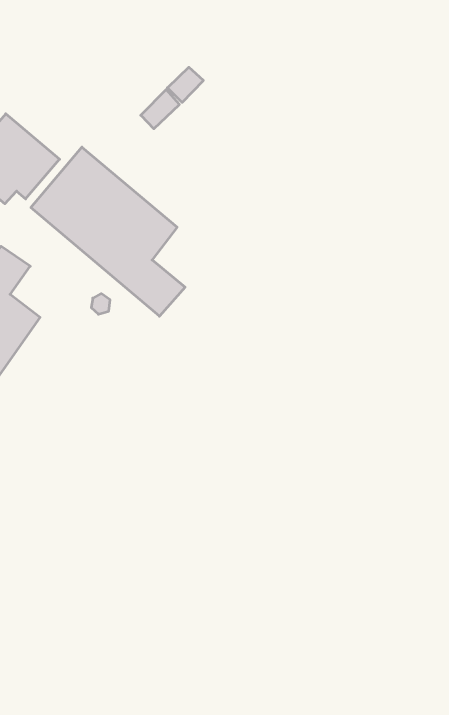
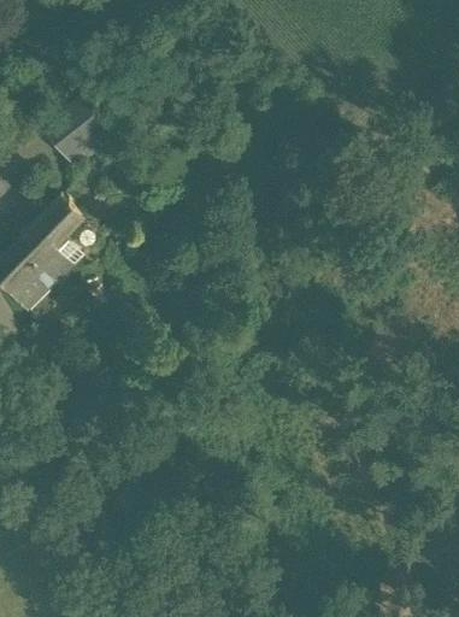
building: [31,147,185,316] -> none

